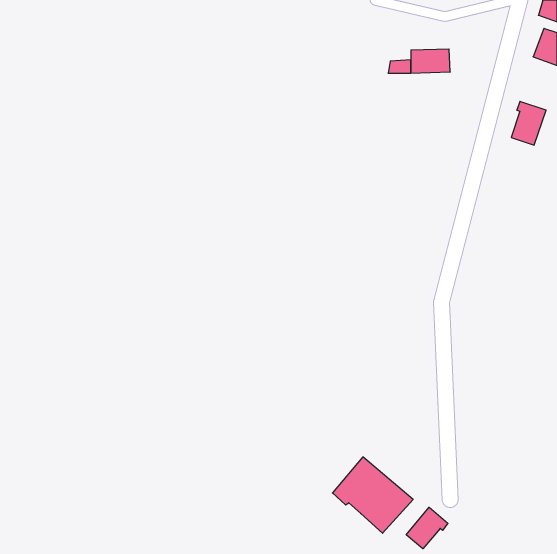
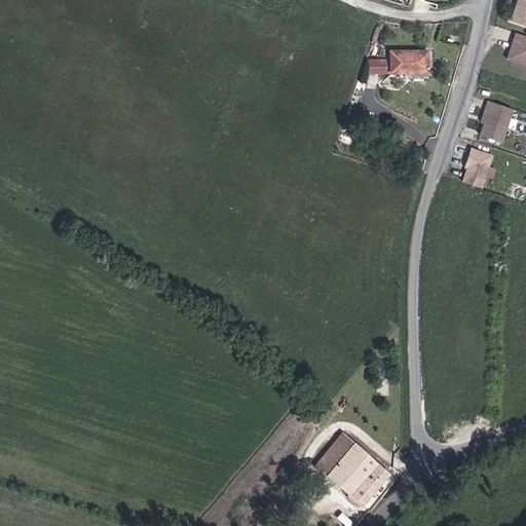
building: none -> [466,148,496,187]
building: [406,507,448,549] -> none

